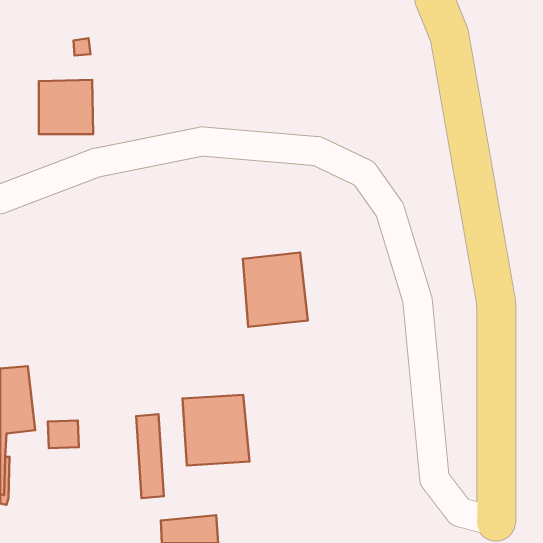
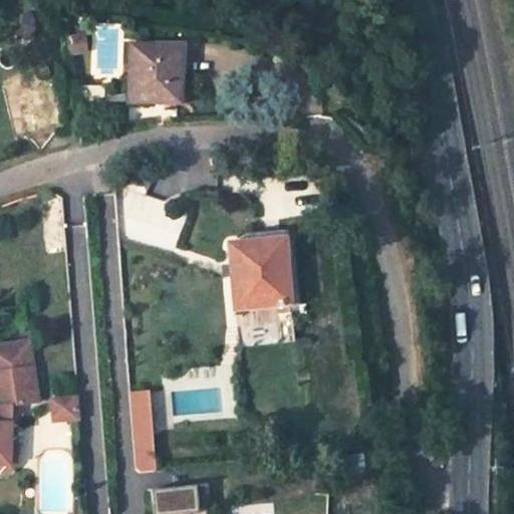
building: [39,80,93,134] -> [133,41,184,92]
building: [183,395,249,466] -> none

